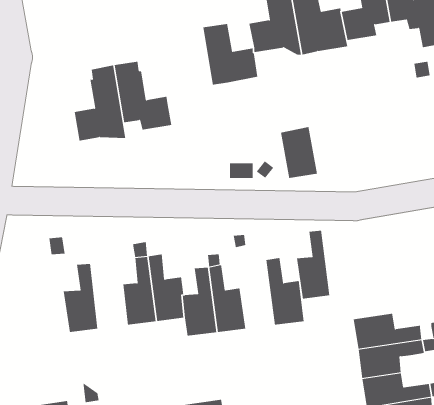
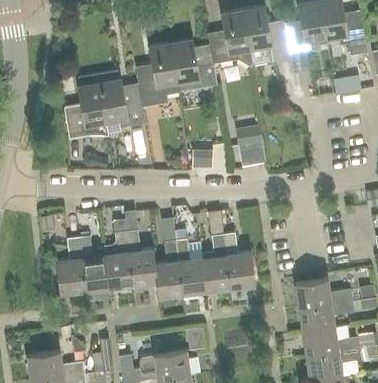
building: none -> [137,42,179,106]
building: [296,230,330,299] -> [202,234,230,291]
building: none -> [79,235,109,291]

